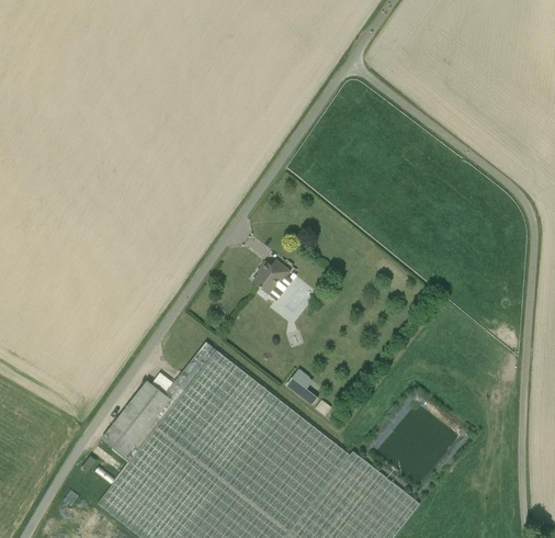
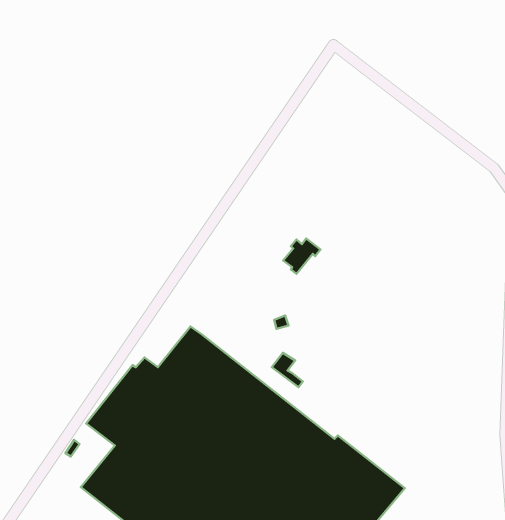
building: [253,261,291,296] -> [283,239,321,274]

